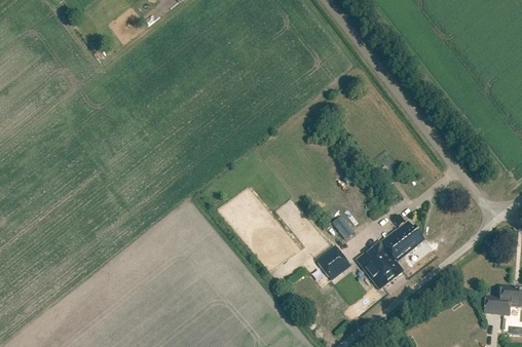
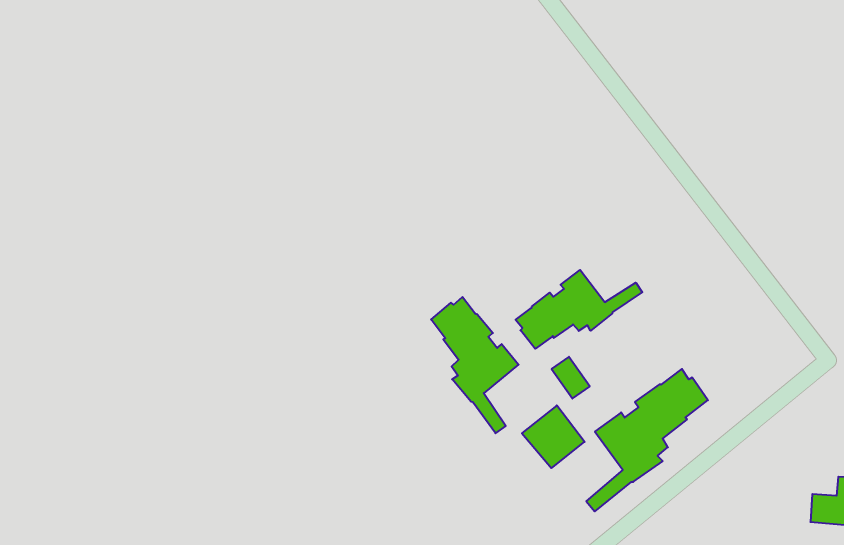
building: none -> [516,270,642,349]
building: none -> [431,297,519,433]

